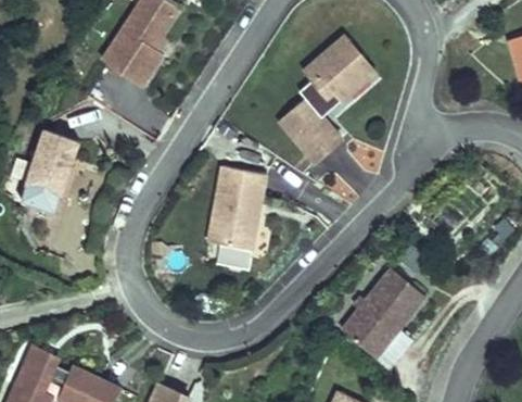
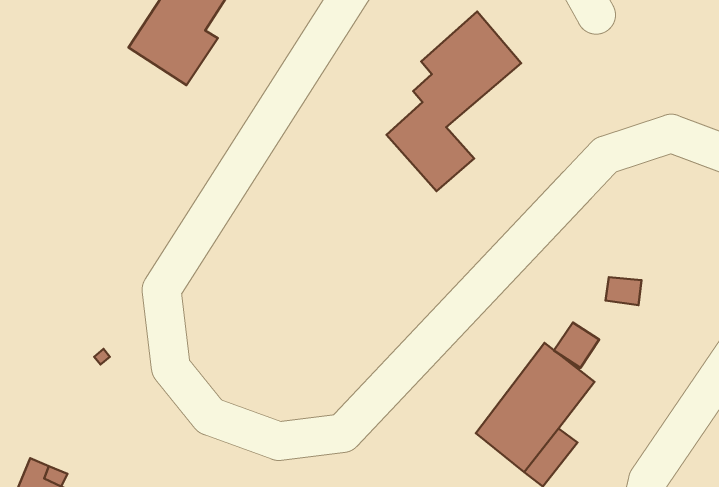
building: [20,131,77,215] -> none
building: [208,166,266,250] -> none

